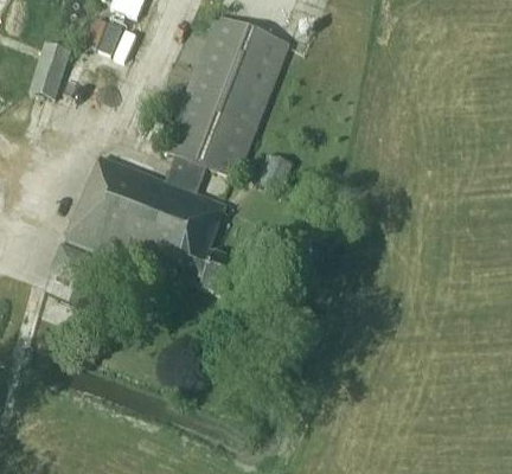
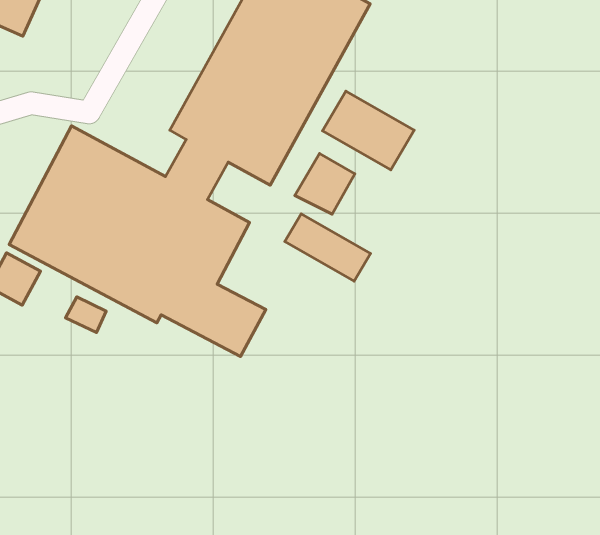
building: none -> [323,91,414,170]
building: none -> [285,214,371,281]

